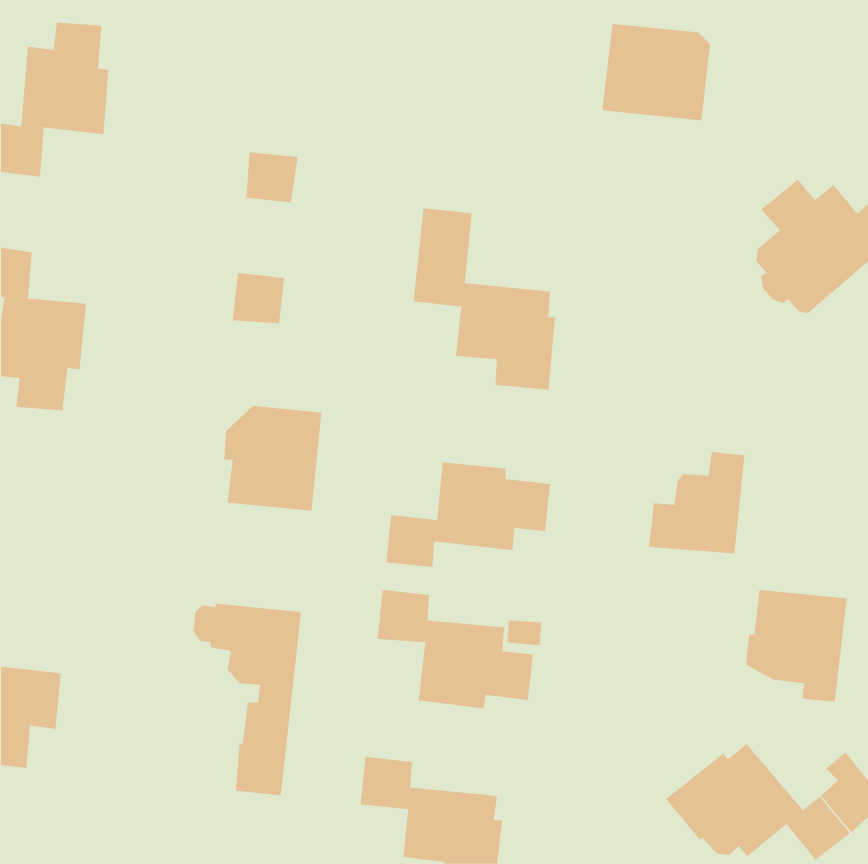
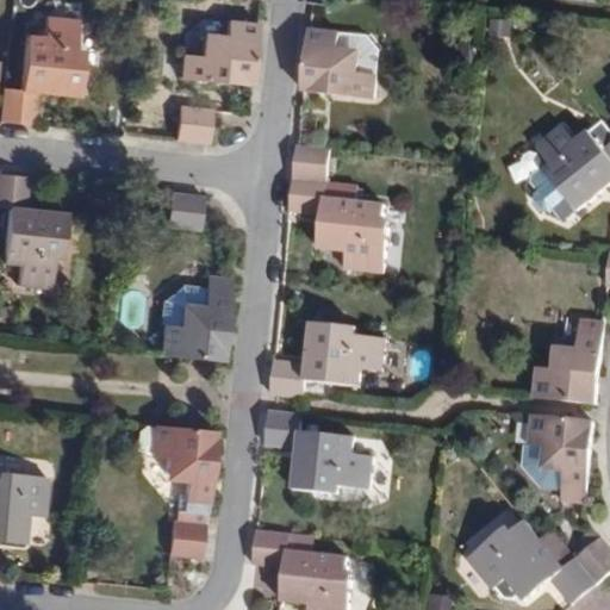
building: [602,24,711,121] -> [303,30,379,98]
building: none -> [178,21,255,85]
building: [648,452,745,554] -> [535,330,603,402]

